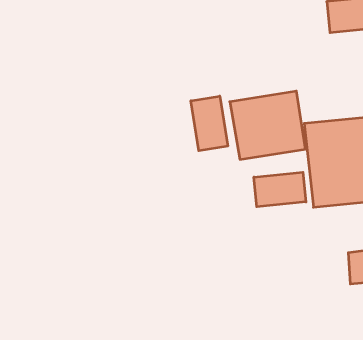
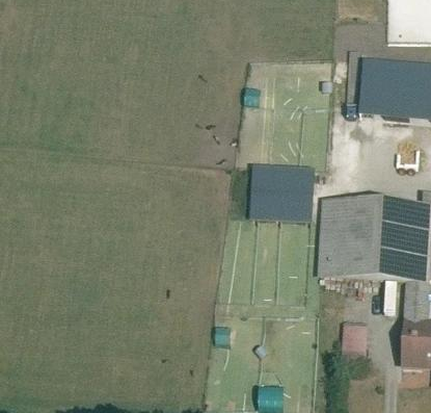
building: [191,96,228,151] -> none
building: [254,172,306,207] -> none

